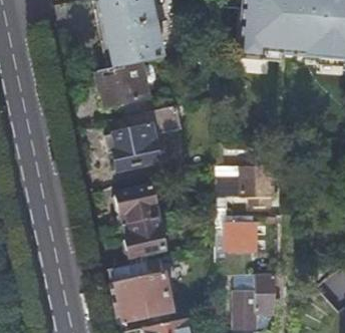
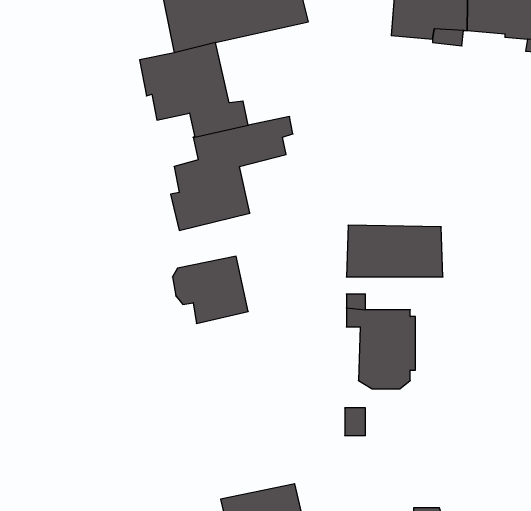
building: [122,217,164,256] -> none
building: [106,257,171,322] -> none
building: [234,274,273,326] -> none

